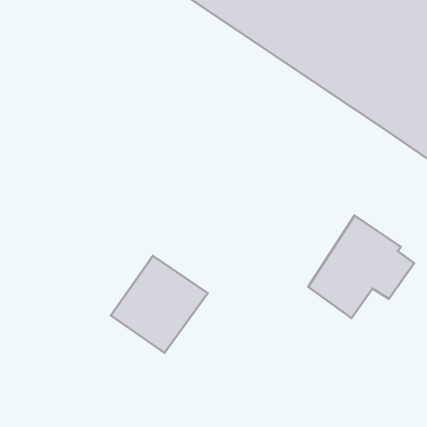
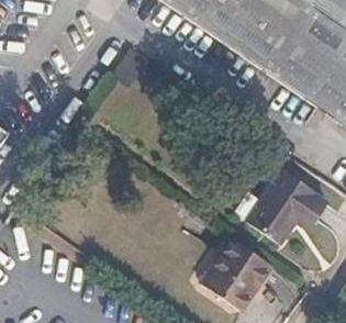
building: [111,256,208,353] -> [203,235,275,307]

